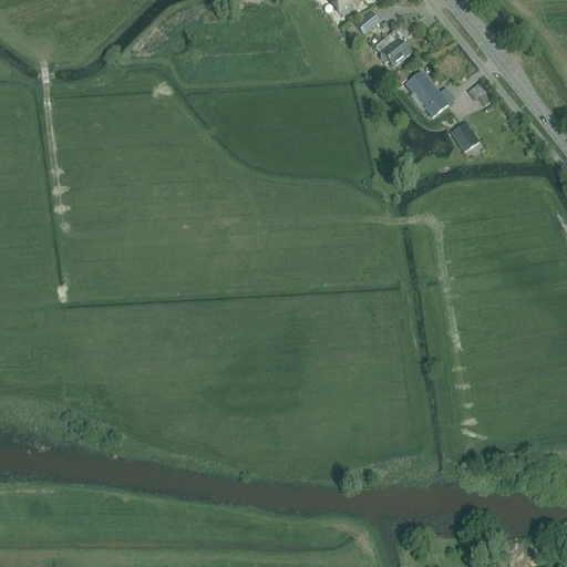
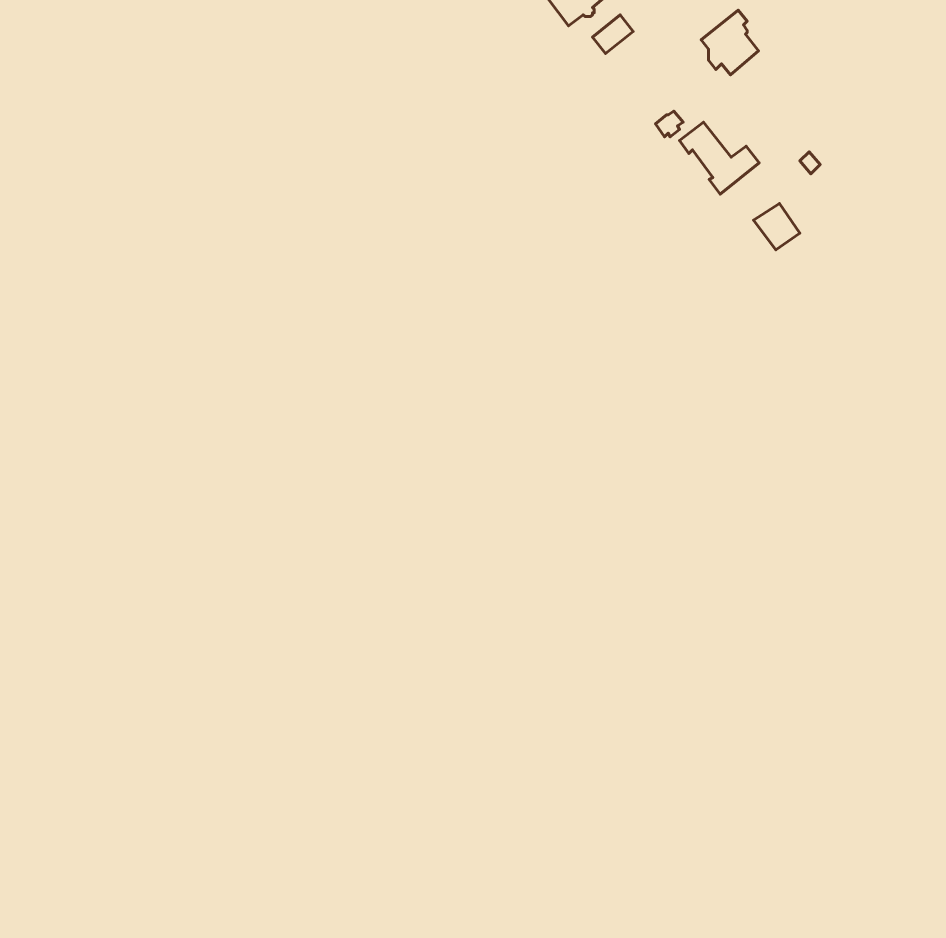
building: [375,28,410,66] -> [701,10,758,75]

